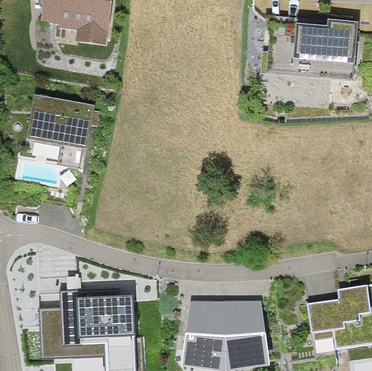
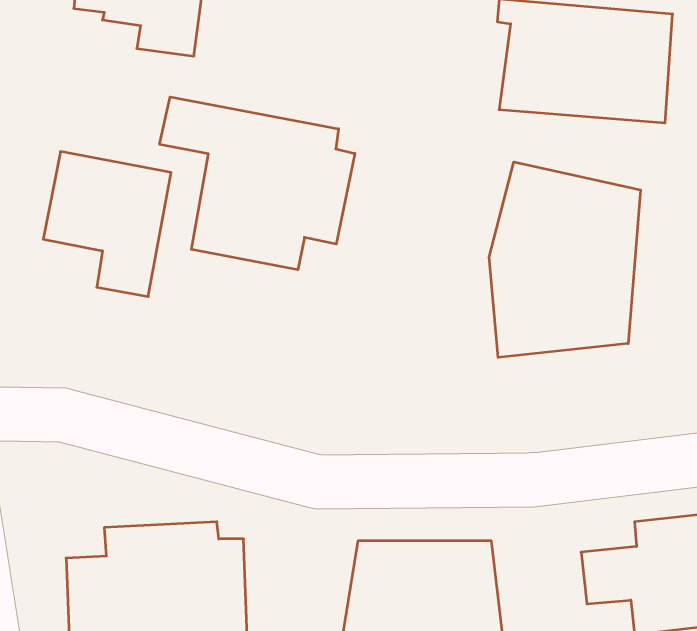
building: none -> [160,97,355,270]
building: none -> [489,162,641,357]

